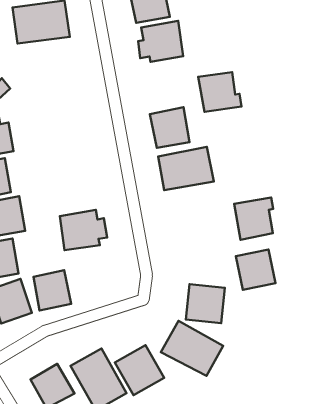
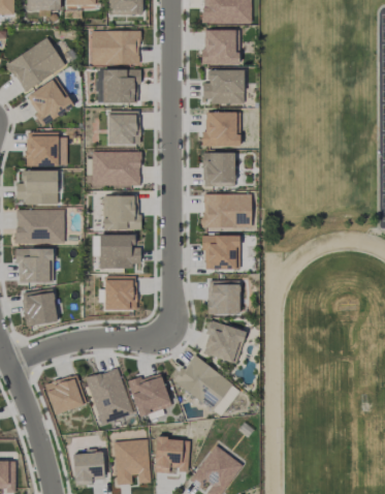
building: none -> [96,68,140,103]
building: [198,72,242,112] -> [203,112,239,147]
building: none -> [106,112,138,145]
building: none -> [91,151,140,185]
building: none -> [102,195,140,229]
building: [234,197,273,240] -> [203,235,239,270]
building: [236,249,275,290] -> [206,280,239,314]
building: [34,270,71,311] -> [104,276,135,310]

